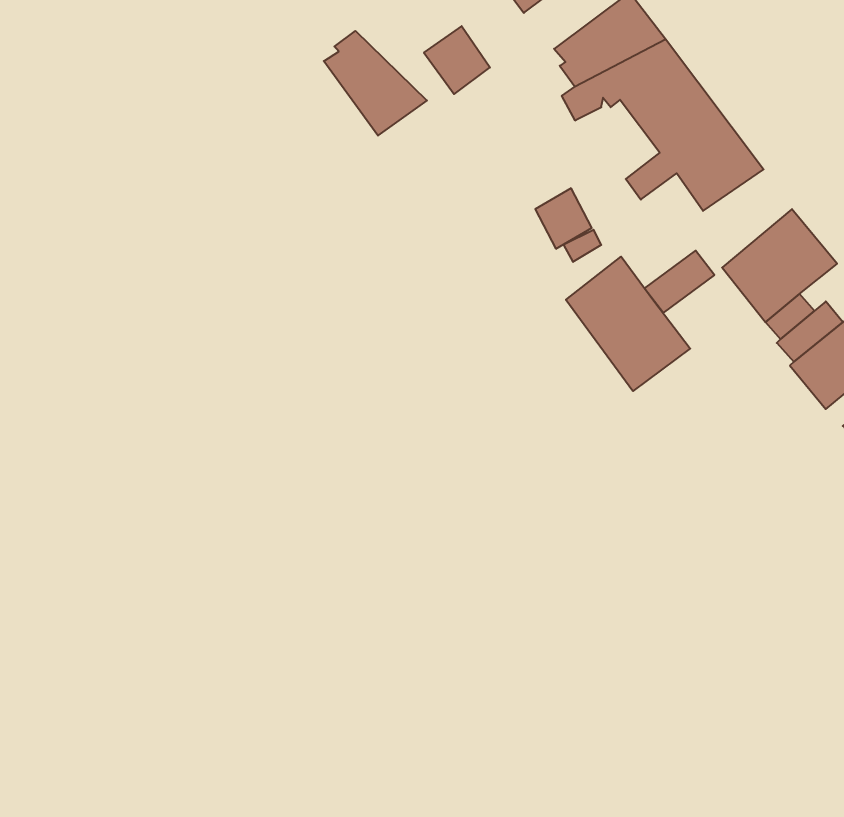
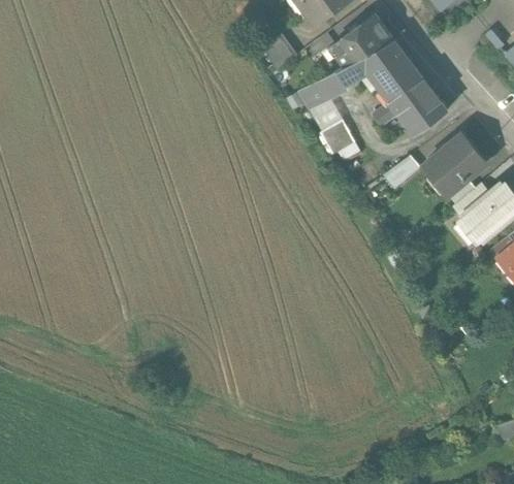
building: [324,31,427,136] -> none
building: none -> [299,71,348,110]
building: [566,257,690,391] -> none

